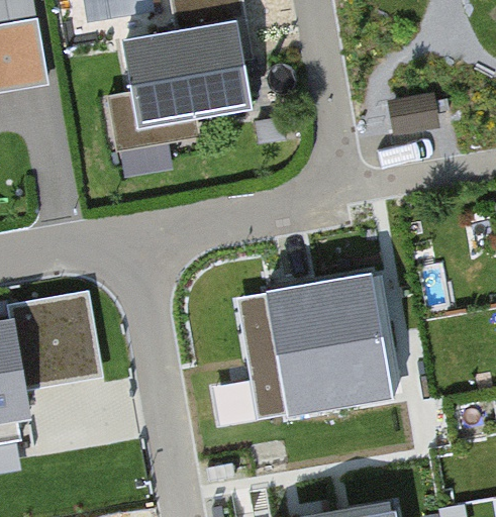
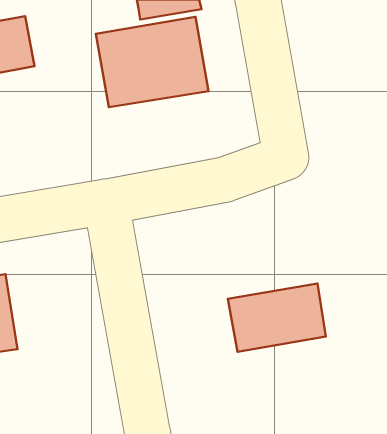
building: [264,273,380,353] -> none
building: [23,302,91,382] -> none

